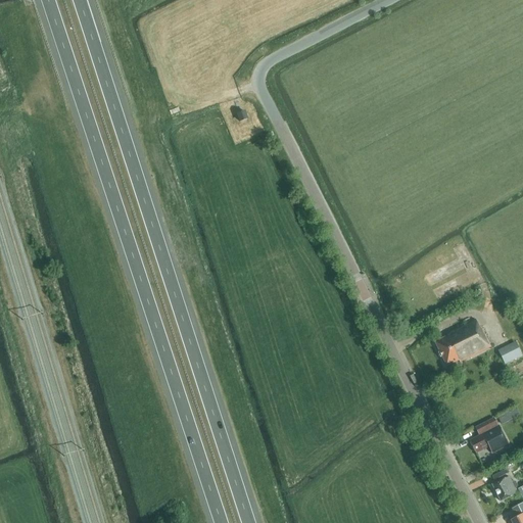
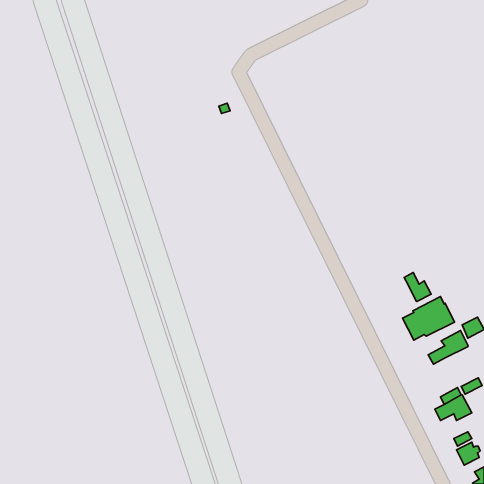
building: none -> [404,273,431,302]
building: none -> [428,331,468,364]

